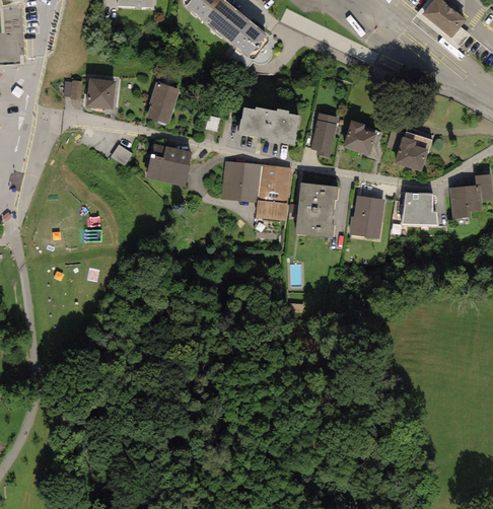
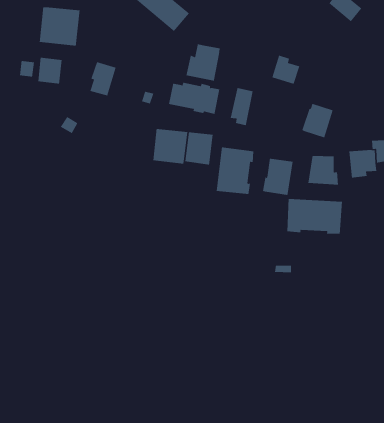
building: none -> [39,6,80,47]
building: none -> [186,43,220,82]
building: [343,120,376,154] -> [272,55,300,84]
building: [145,142,191,187] -> none
building: [256,199,287,220] -> none
building: none -> [287,198,343,235]

